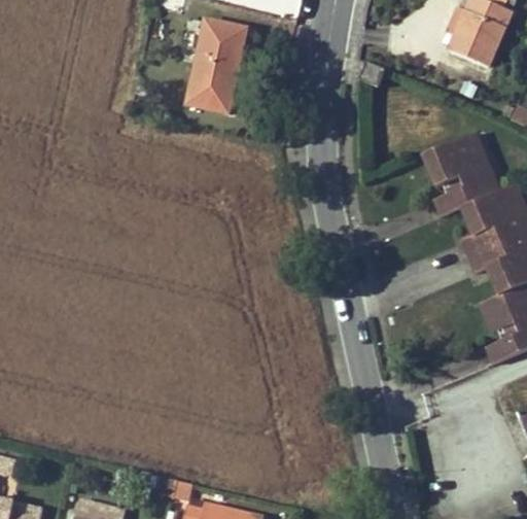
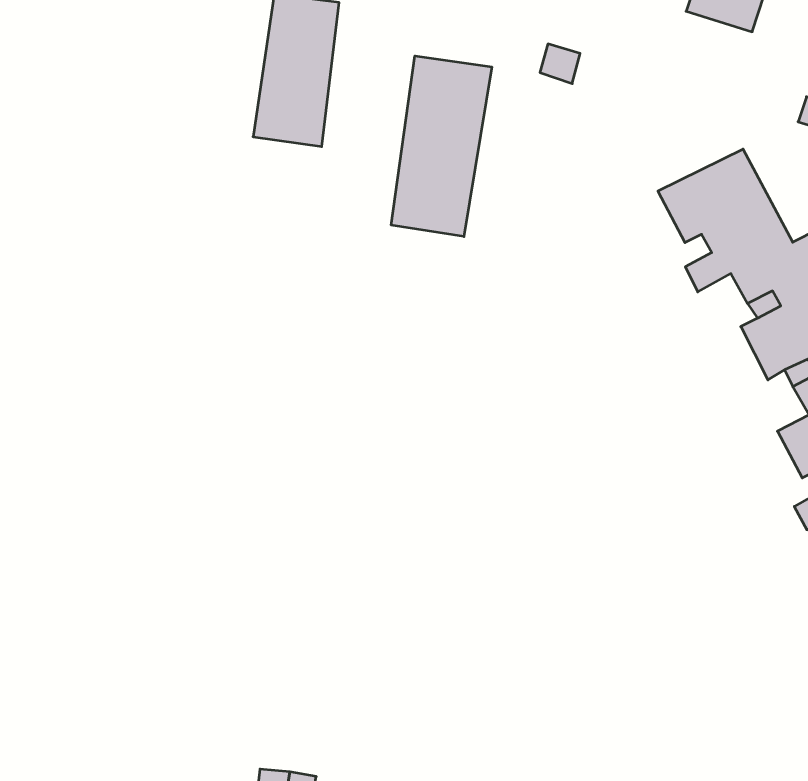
building: none -> [391,56,492,237]

